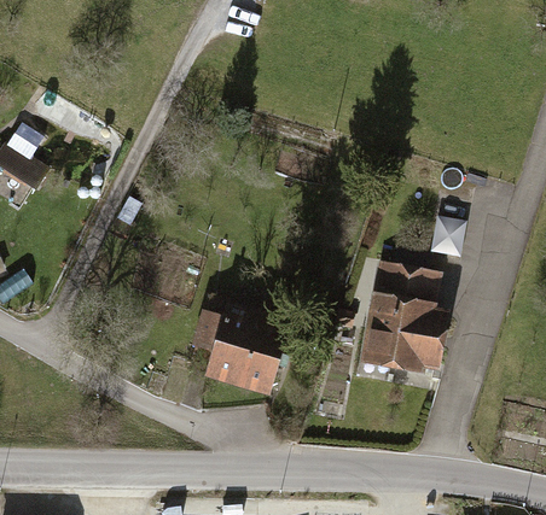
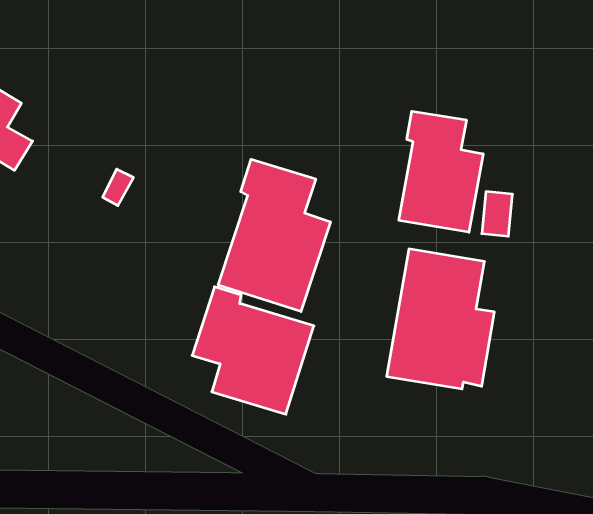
building: none -> [399,111,483,232]
building: none -> [218,159,330,312]

